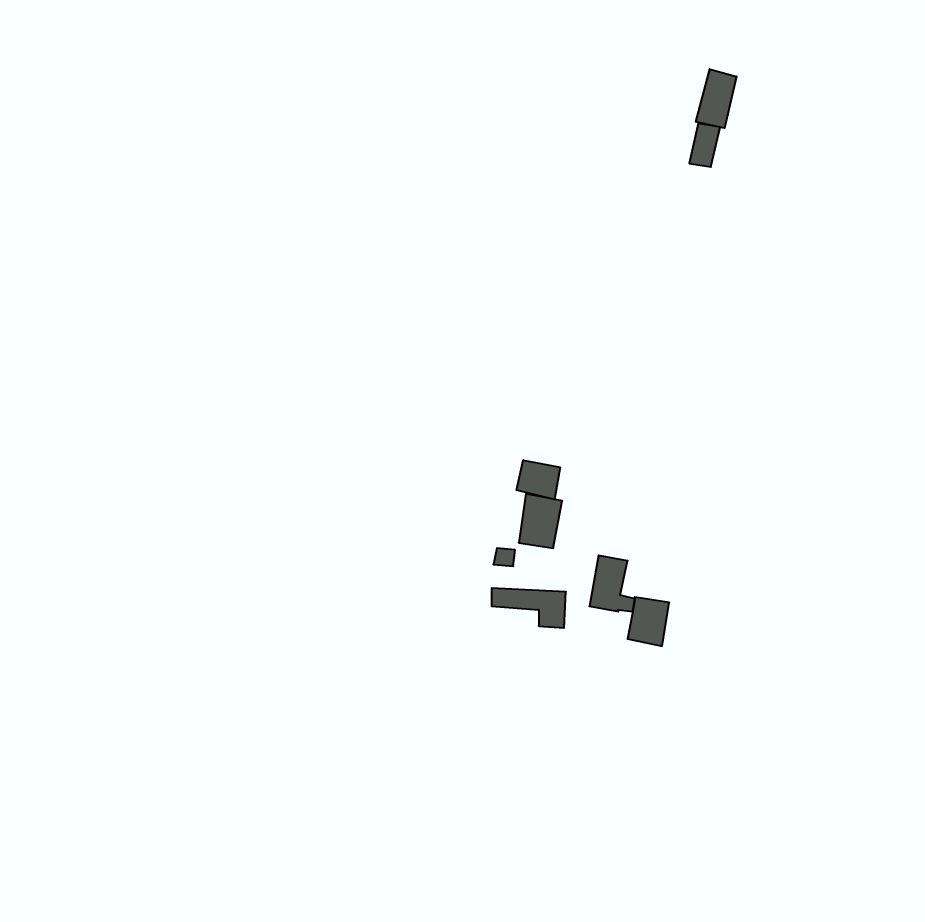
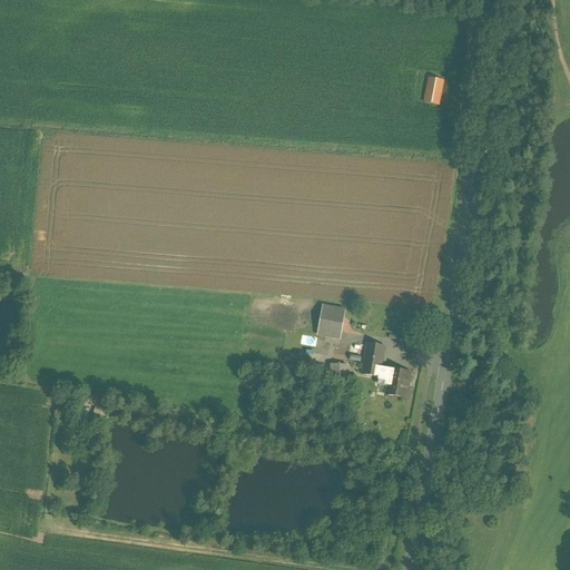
building: [696,69,736,128] -> none
building: [517,460,560,499] -> none

